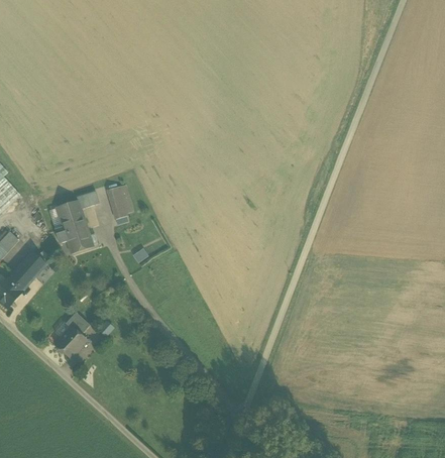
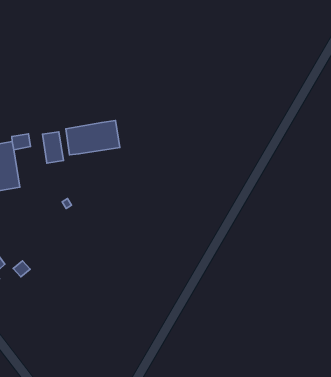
building: none -> [66,120,120,155]

